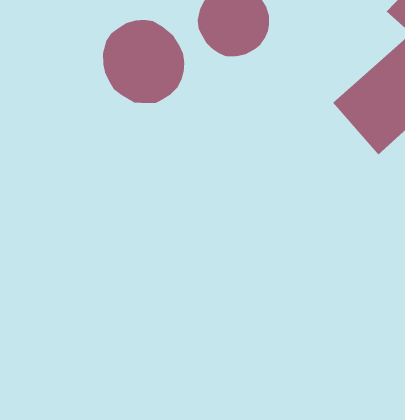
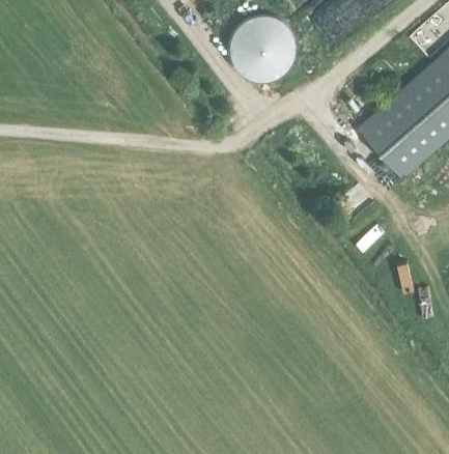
building: [103,19,185,104] -> none

